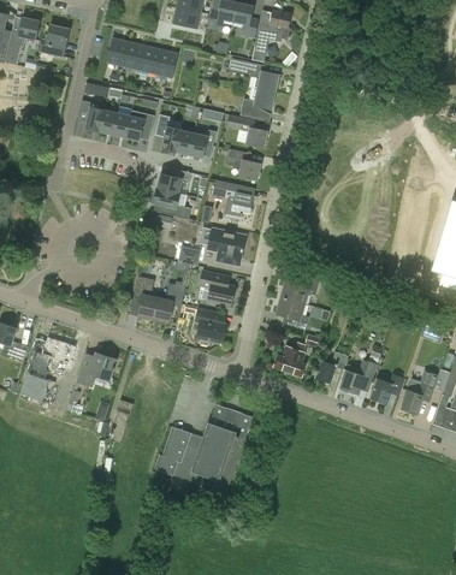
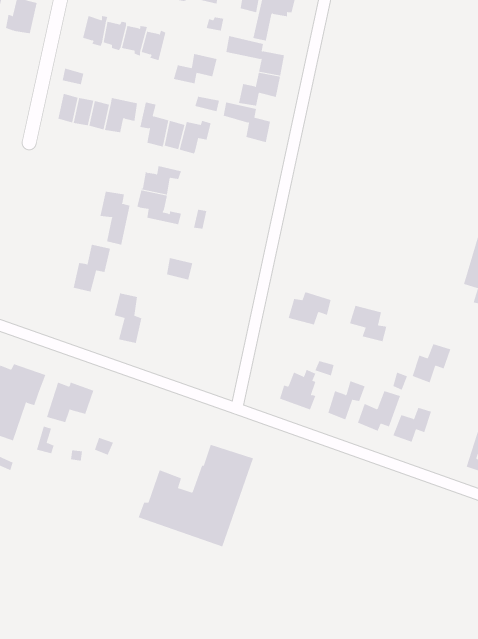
building: none -> [173,53,217,84]
building: [221,146,261,180] -> none
building: [212,179,254,219] -> none
building: none -> [100,191,130,246]
building: [207,229,244,263] -> none
building: [200,271,235,304] -> none
building: [153,281,185,322] -> [73,244,111,292]
building: [277,297,309,328] -> [349,305,387,342]
building: [195,307,226,343] -> none
building: [402,380,436,414] -> [412,344,451,383]

